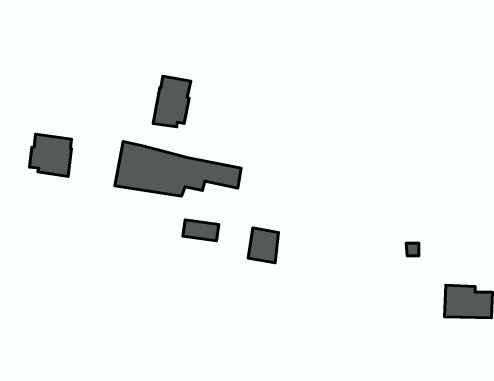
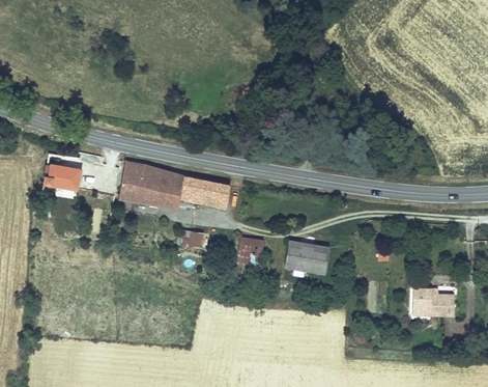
building: [153,76,191,127] -> none
building: none -> [285,241,331,275]

